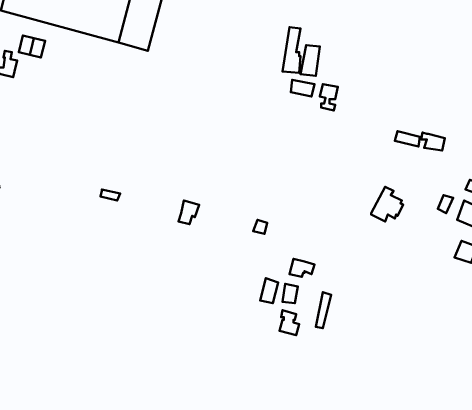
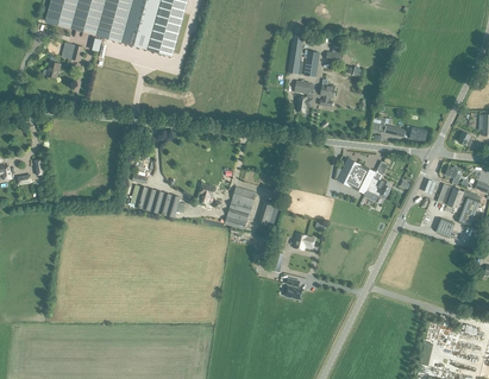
building: none -> [341,157,375,194]
building: none -> [133,184,180,217]
building: none -> [224,185,256,229]

